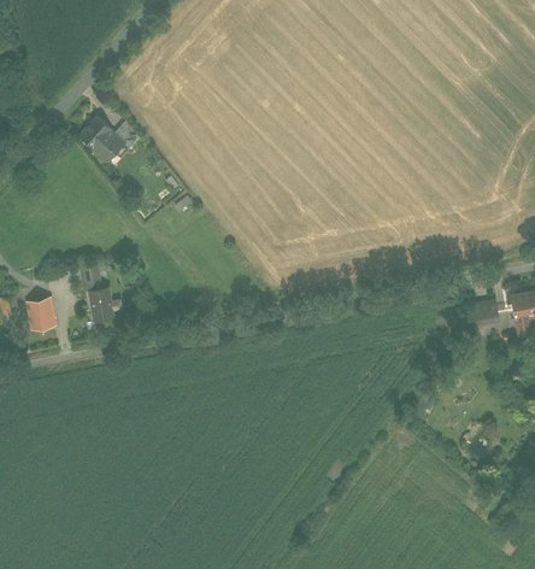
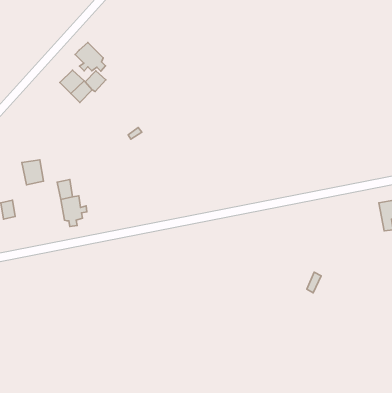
building: none -> [75,43,105,71]
building: [28,297,57,330] -> [22,160,43,185]
building: [474,300,501,325] -> none

